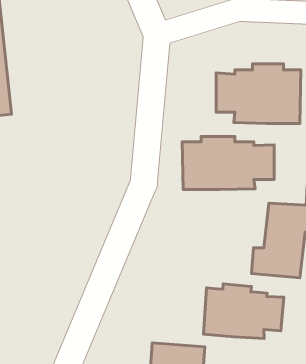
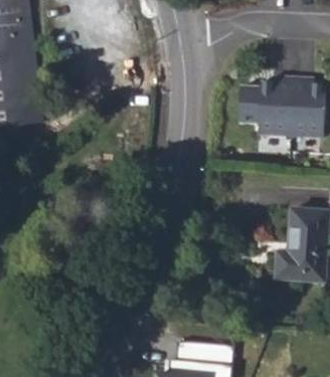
building: [182,136,274,190] -> none
building: [204,284,284,338] -> none

